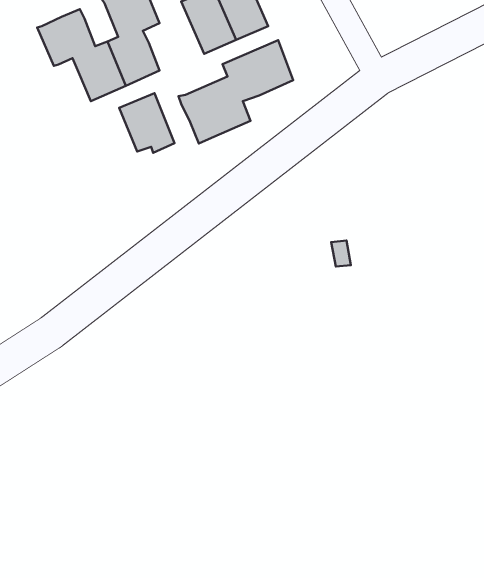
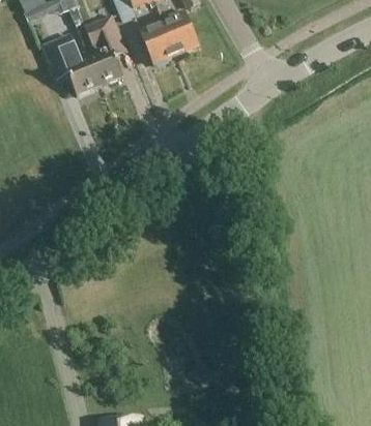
building: [179,40,293,143] -> none
building: [119,93,174,153] -> none

